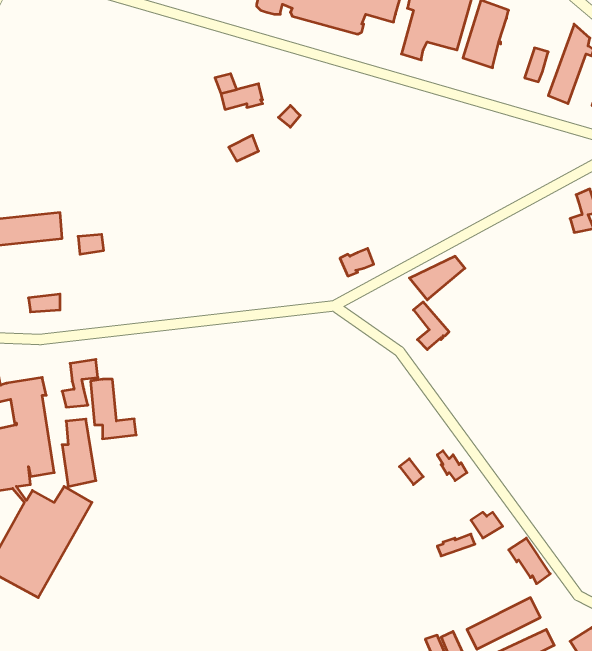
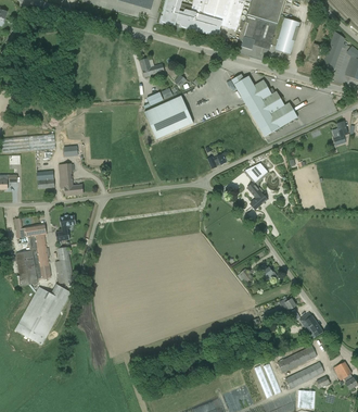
building: none -> [231,74,297,136]
building: none -> [144,96,193,139]
building: [91,379,136,439] -> [59,163,84,196]

